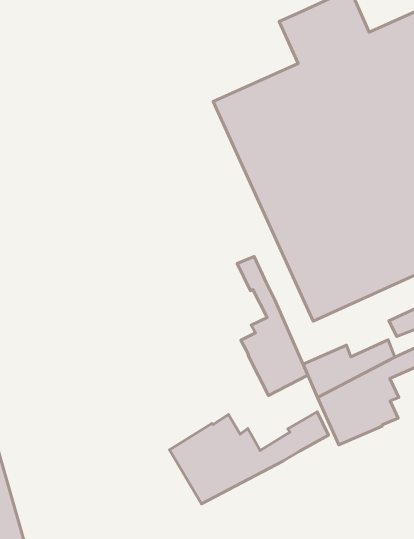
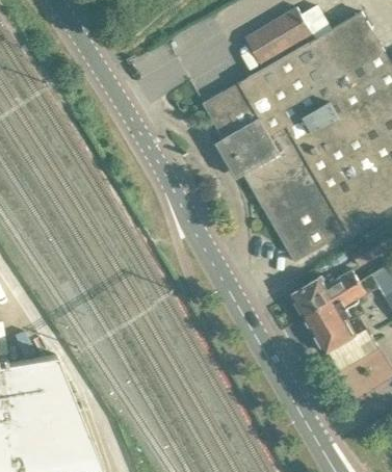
building: [237,256,308,396] -> none
building: [170,412,329,504] -> none

